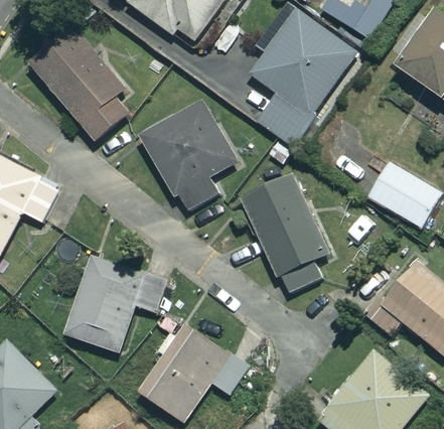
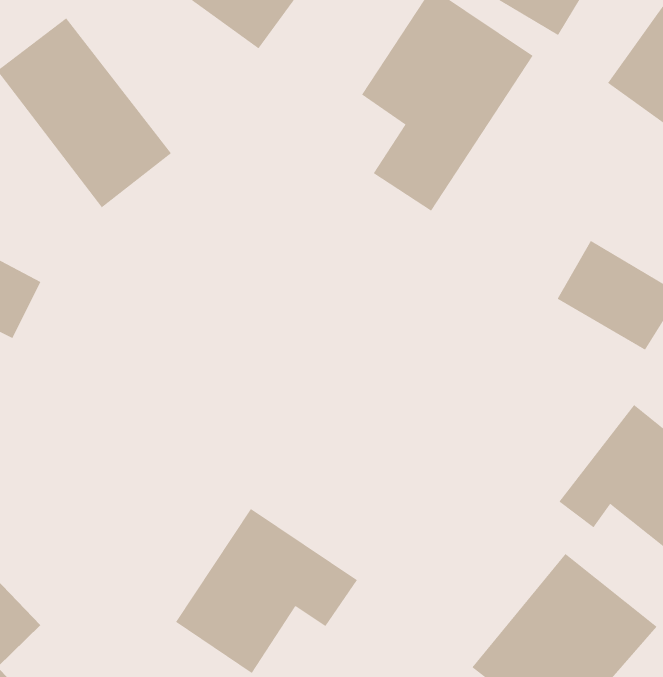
building: [141,103,236,212] -> none
building: [241,175,329,294] -> none
building: [64,253,167,352] -> none

